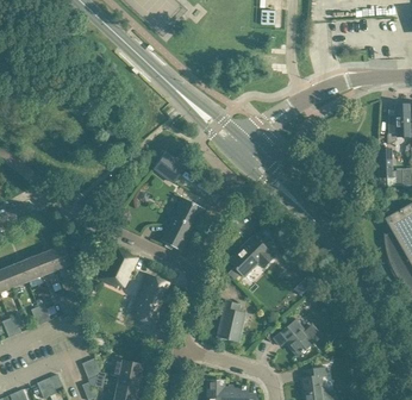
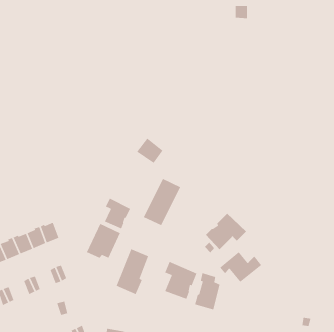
building: none -> [104,197,131,229]
building: none -> [164,261,197,300]
building: [274,320,320,355] -> [219,251,262,283]

